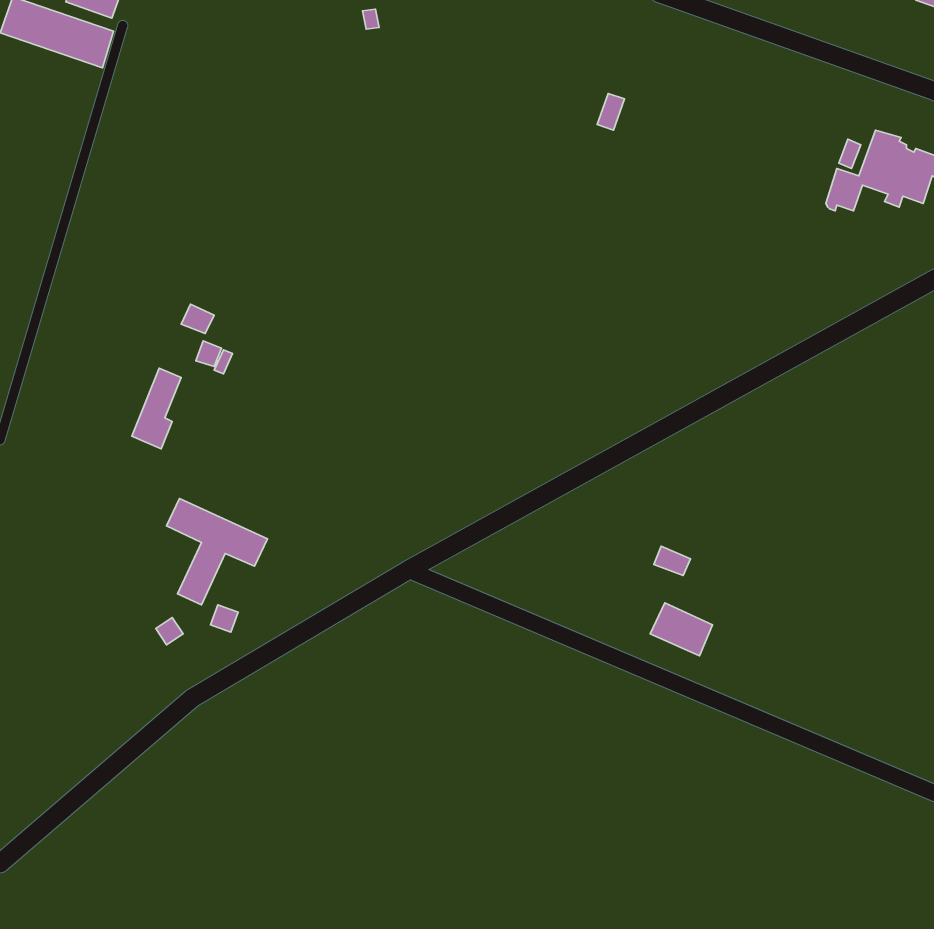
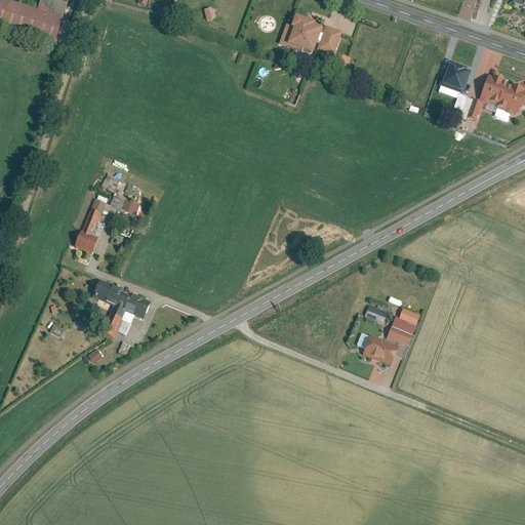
building: none -> [282,13,340,64]
building: none -> [442,60,472,93]
building: none -> [388,316,416,346]

